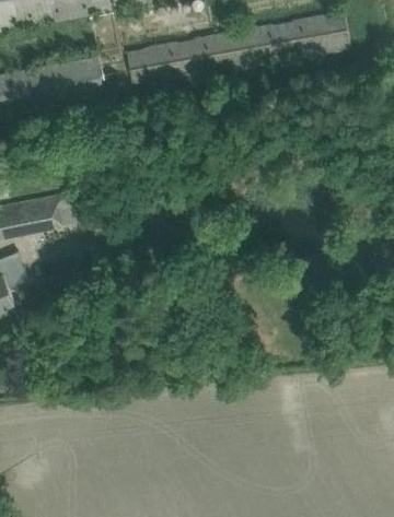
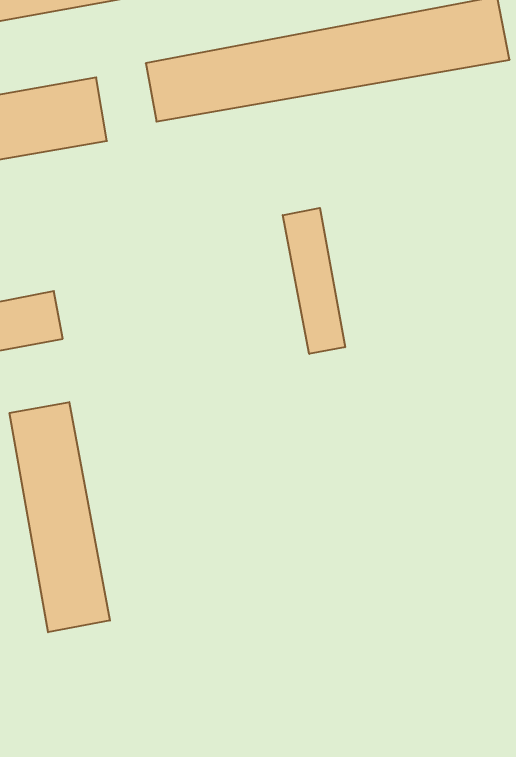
building: none -> [283,208,345,354]
building: none -> [10,402,110,632]

